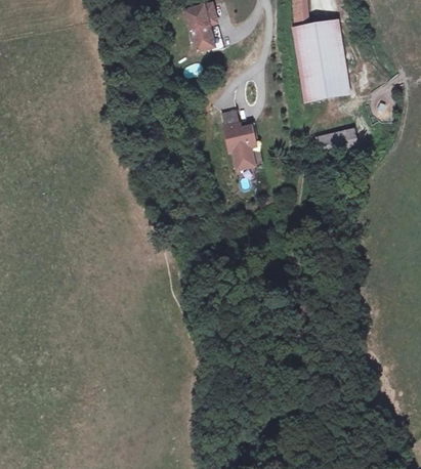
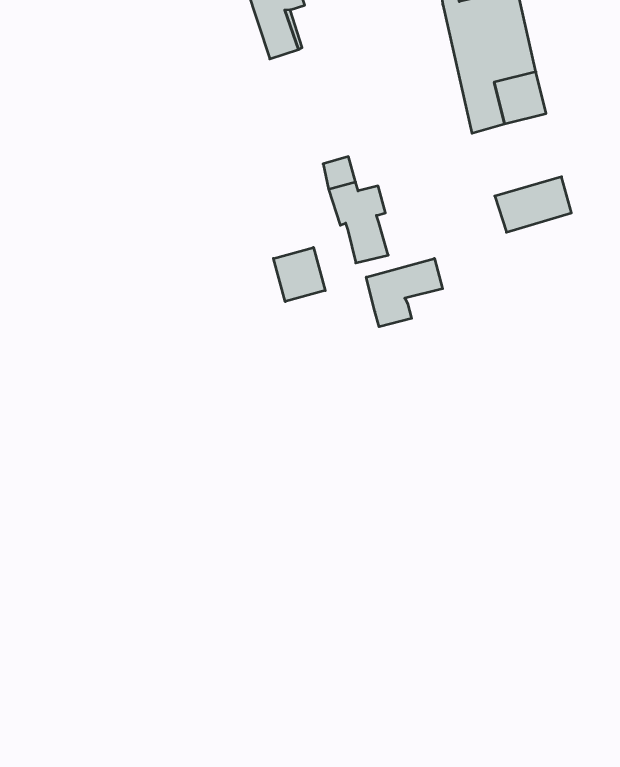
building: none -> [273,247,325,302]
building: none -> [366,258,443,327]

